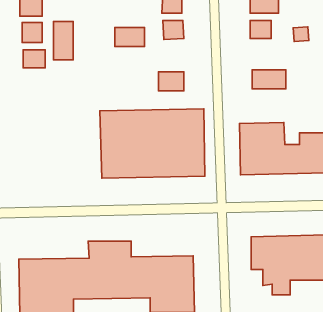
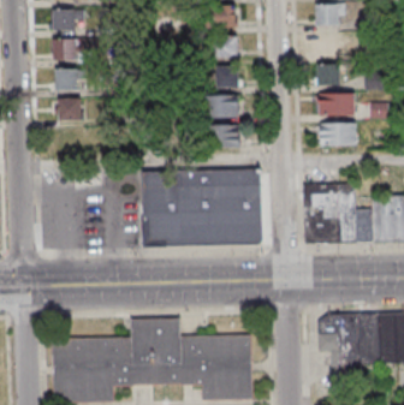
building: [53,22,73,60] -> none
building: [115,27,144,46] -> [204,95,238,117]
building: none -> [316,94,357,114]

